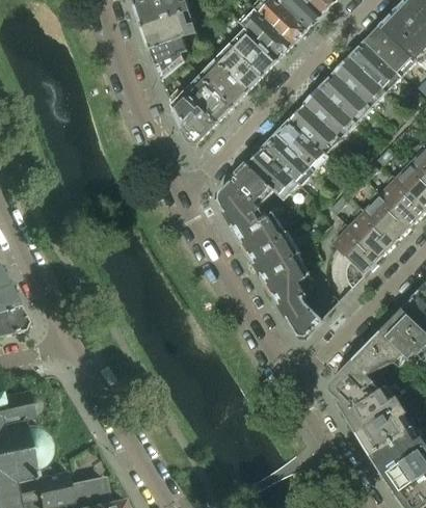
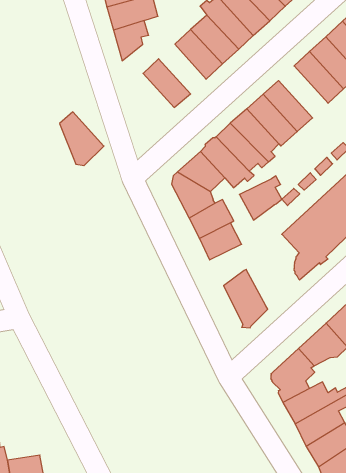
building: [198,57,247,106] -> none
building: [320,72,371,123] -> none
building: [171,88,217,141] -> [60,112,104,166]
building: [262,250,304,296] -> [239,176,282,220]

